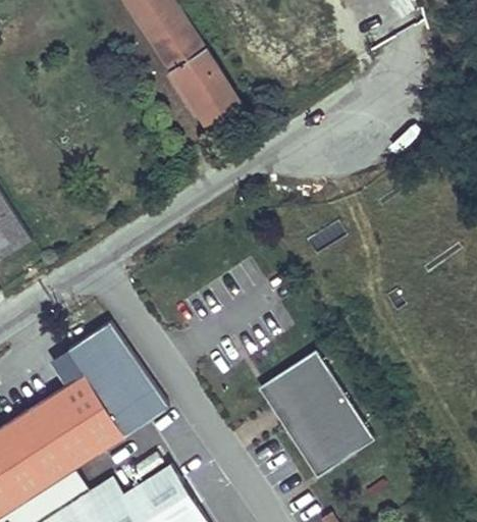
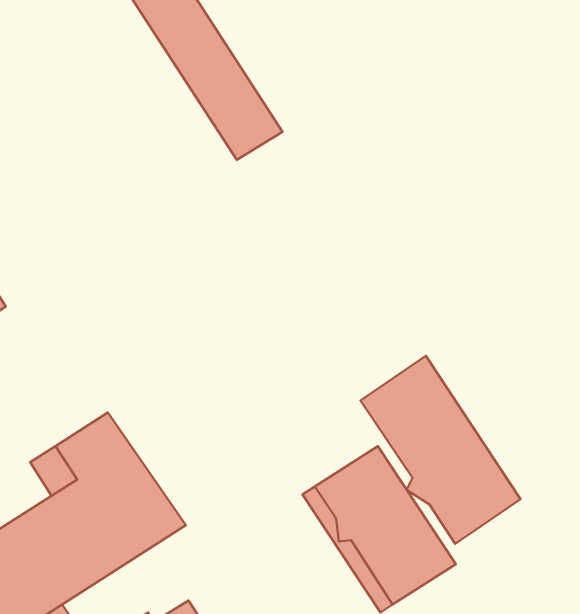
building: none -> [361,356,520,544]

